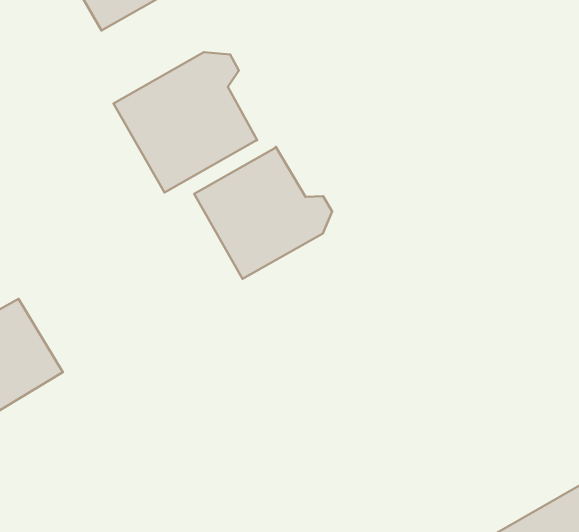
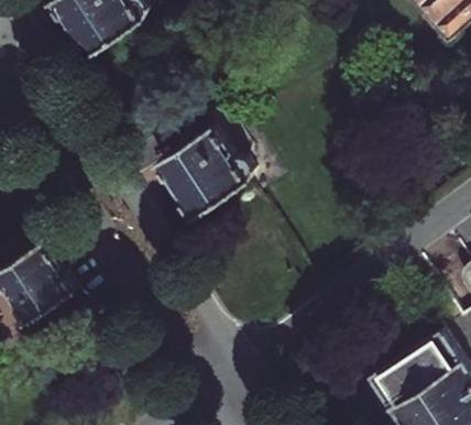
building: [114,52,257,193] -> none

